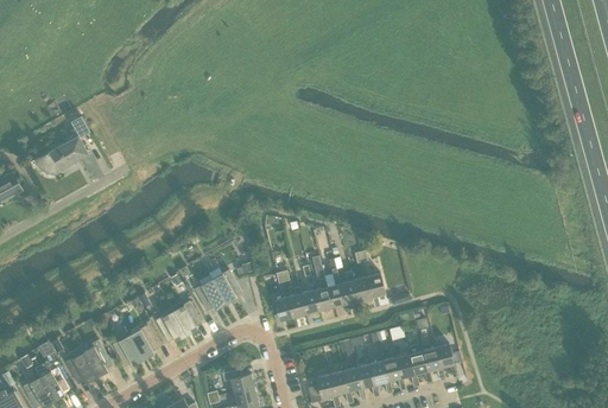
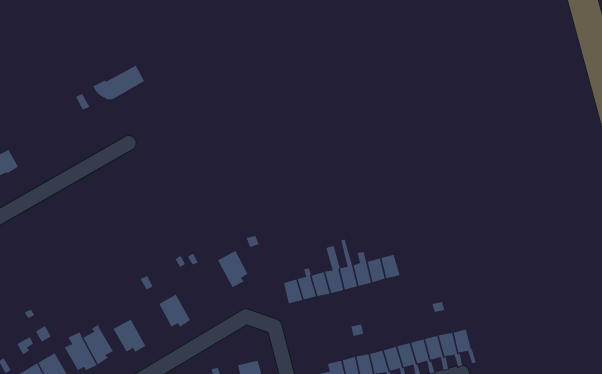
building: [34,140,84,173] -> [93,65,145,100]
building: [194,280,224,312] -> none
building: [171,302,201,337] -> none
building: [128,326,158,362] -> none

